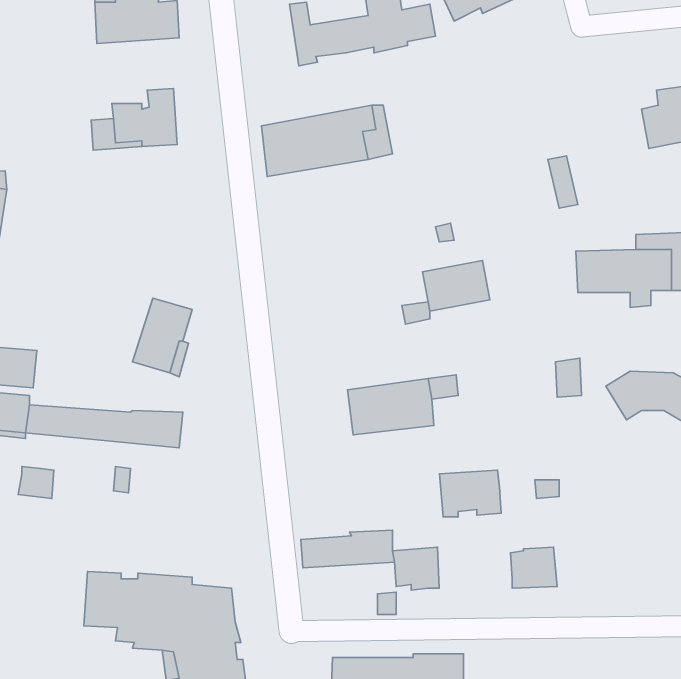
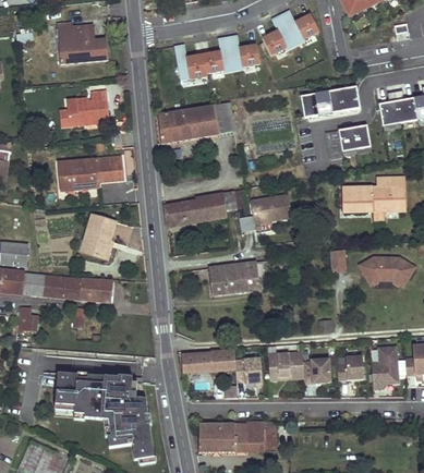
building: none -> [301,86,361,117]
building: none -> [339,124,371,150]
building: none -> [58,155,125,190]
building: none -> [165,191,237,223]
building: [439,470,501,517] -> [268,352,304,379]
building: none -> [371,345,398,388]
building: none -> [337,354,364,379]

